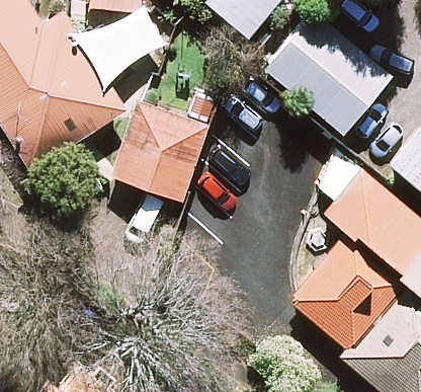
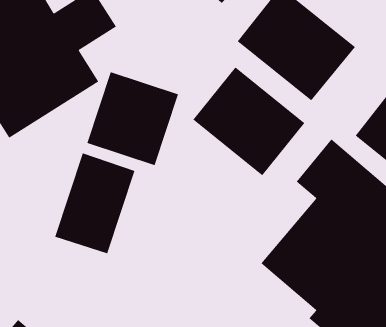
building: none -> [192,67,305,176]
building: none -> [55,152,135,254]

